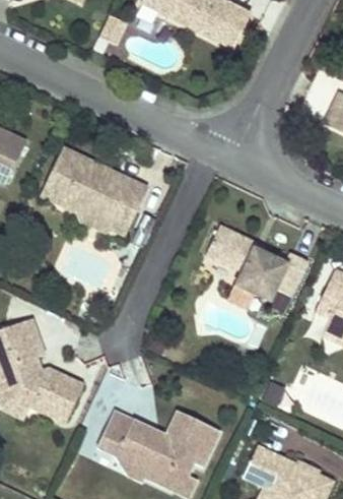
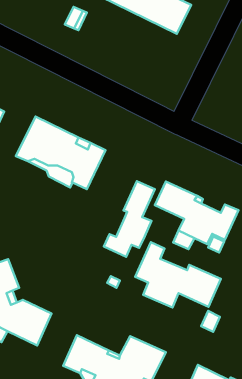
building: none -> [104,181,155,257]
building: none -> [135,242,221,308]

